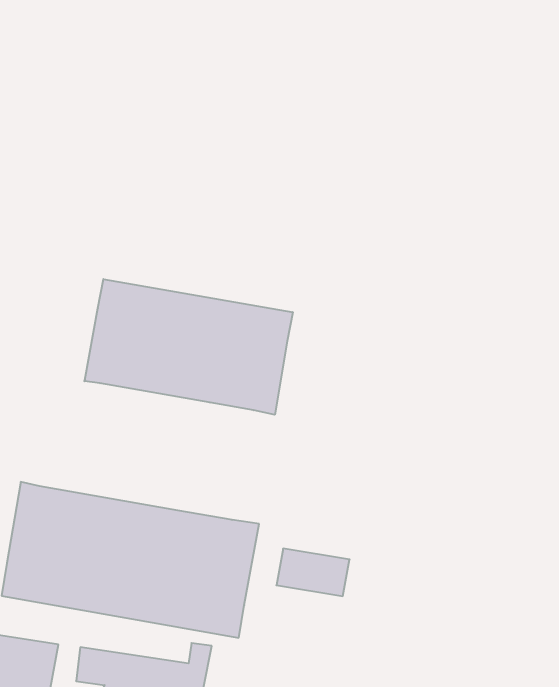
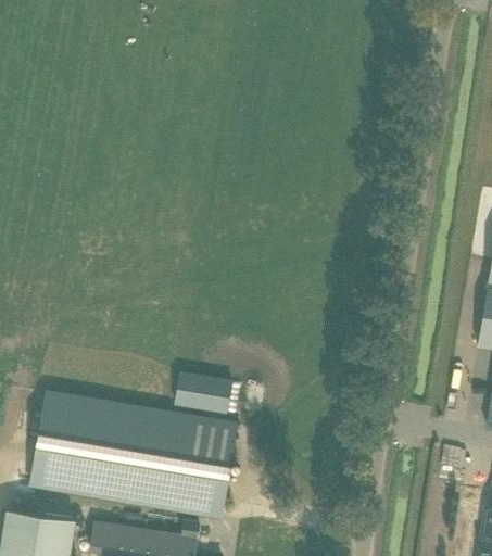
building: [84,279,293,415] -> none
building: [276,549,350,596] -> [175,374,234,412]

